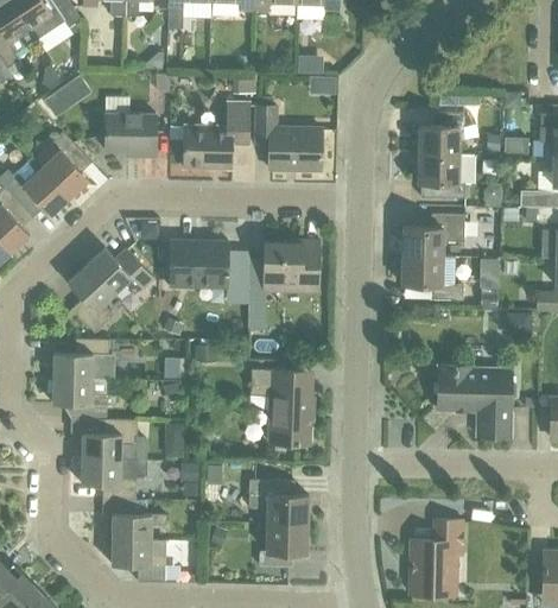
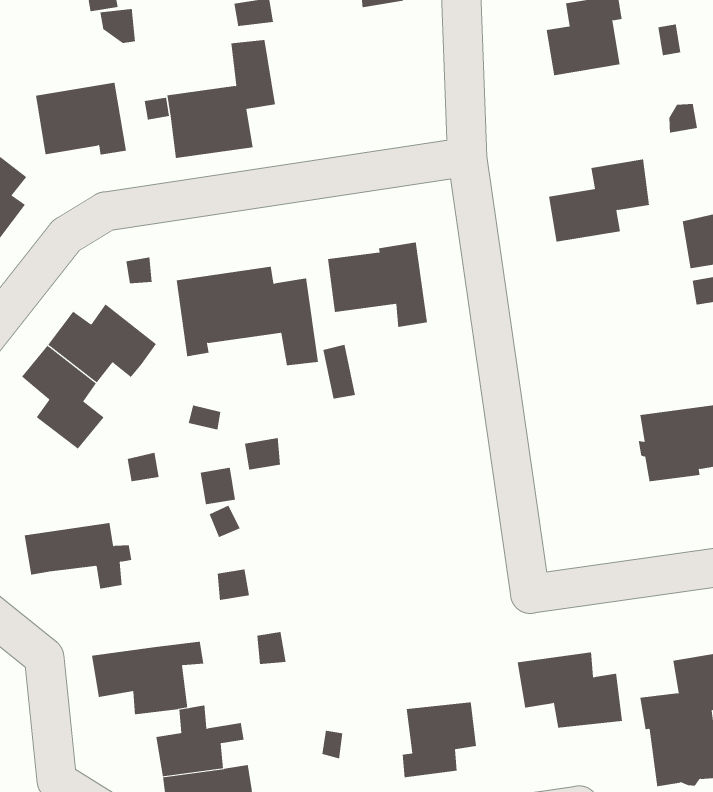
building: [255,107,323,171] -> none
building: [419,154,471,198] -> none
building: [405,255,465,299] -> none
building: [53,338,118,380] -> none
building: [251,368,313,445] -> none
building: [82,419,150,461] -> none
building: [249,479,309,525] -> [517,652,623,728]

